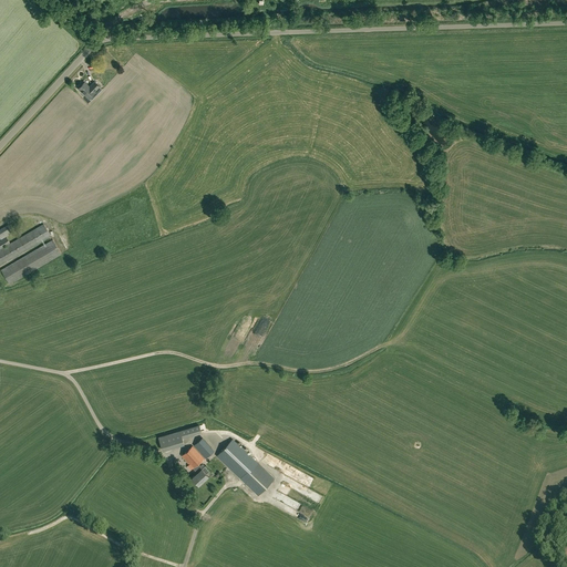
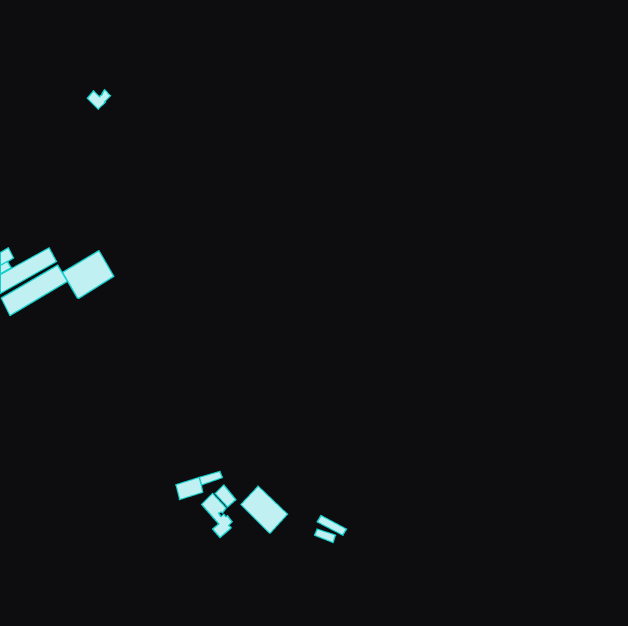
building: none -> [62,251,114,298]
building: [243,465,274,496] -> none

